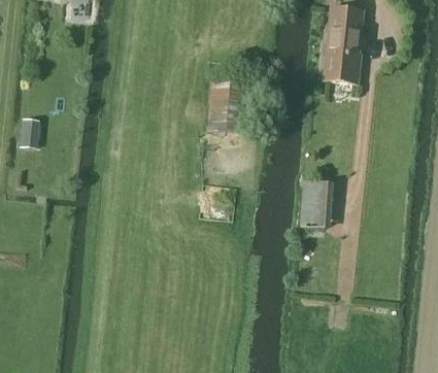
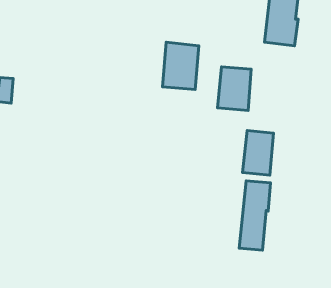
building: none -> [217,67,251,110]
building: none -> [239,181,271,250]

